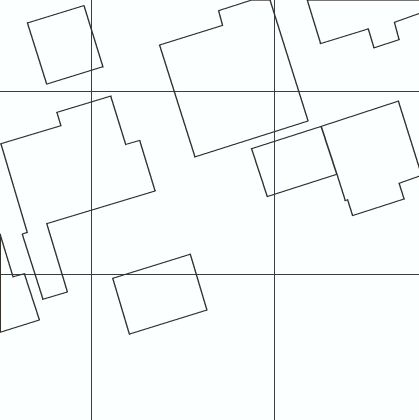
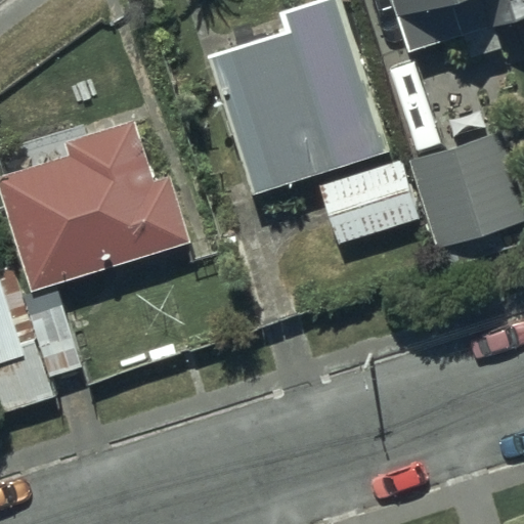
building: [28,6,103,84] -> none
building: [113,254,207,334] -> none

